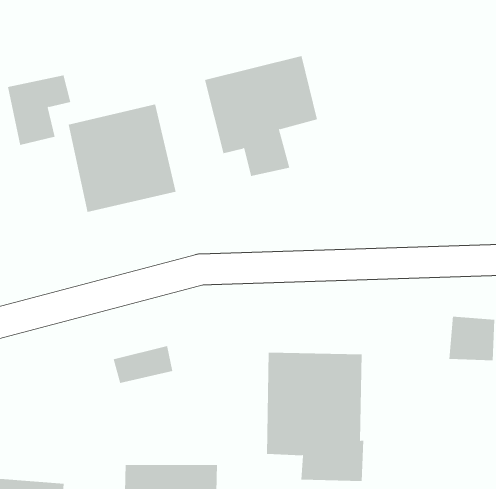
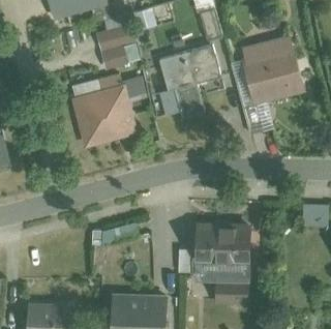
building: none -> [243,36,303,102]
building: [7,75,71,145] -> [97,28,136,70]

